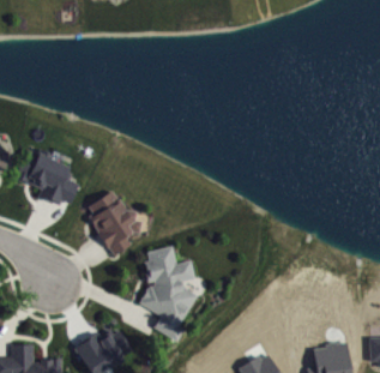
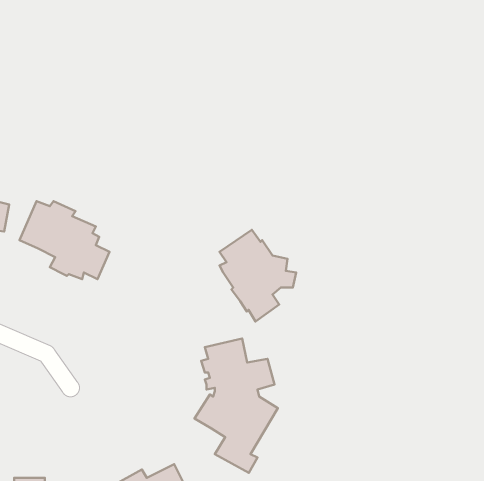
building: [89,191,143,255] -> [220,230,296,322]

